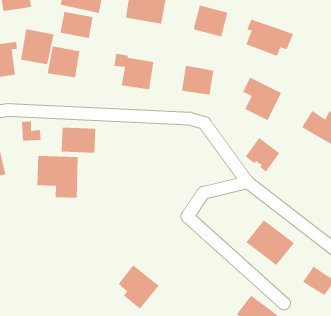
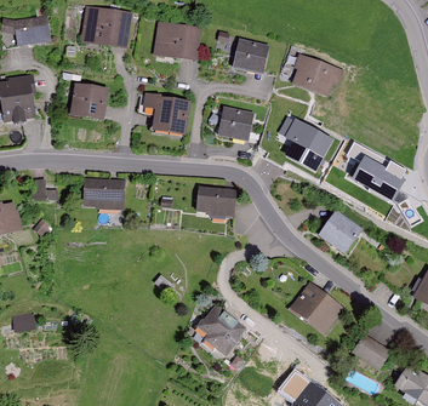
building: [60,11,93,39] -> none
building: [20,29,54,65] -> none
building: none -> [190,182,234,218]
building: [245,137,280,172] -> [321,210,361,250]
building: [37,155,78,198] -> none
building: [118,264,160,310] -> [199,303,246,354]

